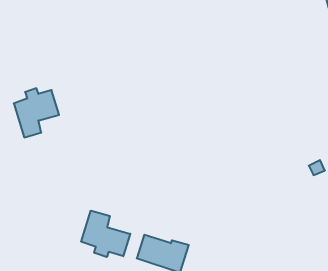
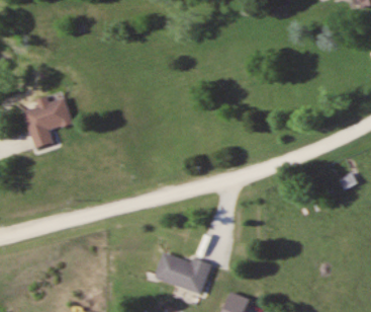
building: [81,211,130,257] -> none

